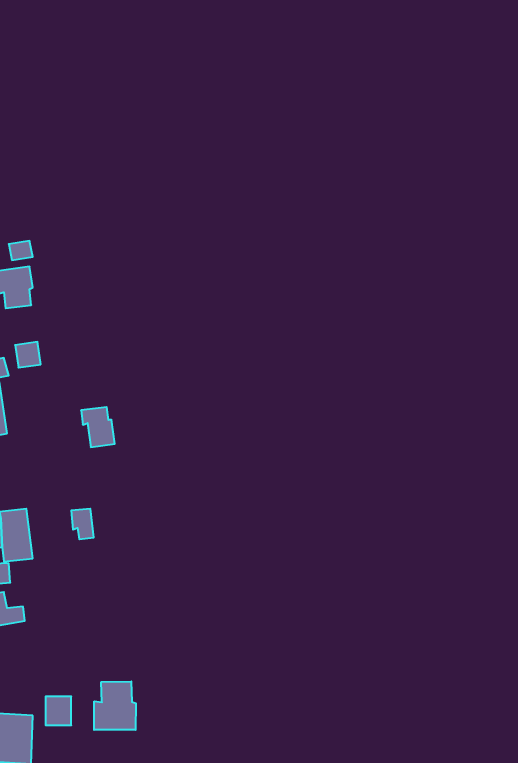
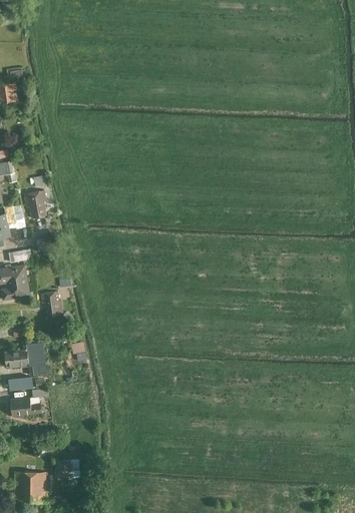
building: [81,407,115,447] -> [41,293,62,318]
building: [94,681,136,730] -> none

